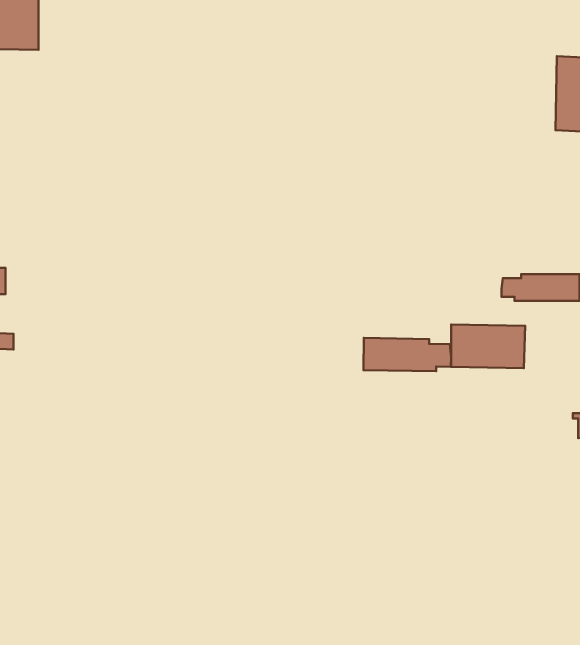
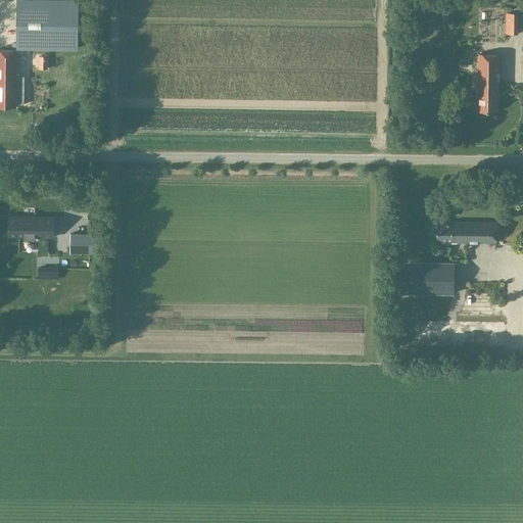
building: none -> [69,234,96,254]
building: [363,338,451,371] -> none

